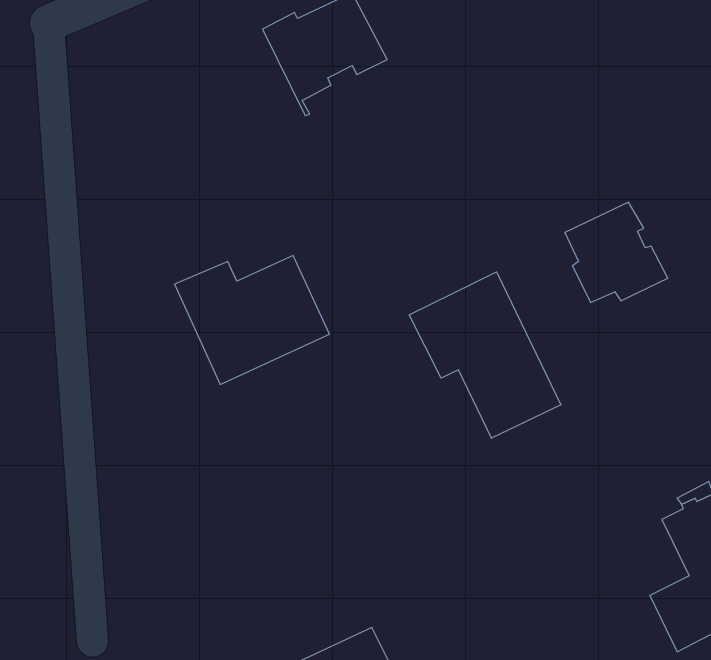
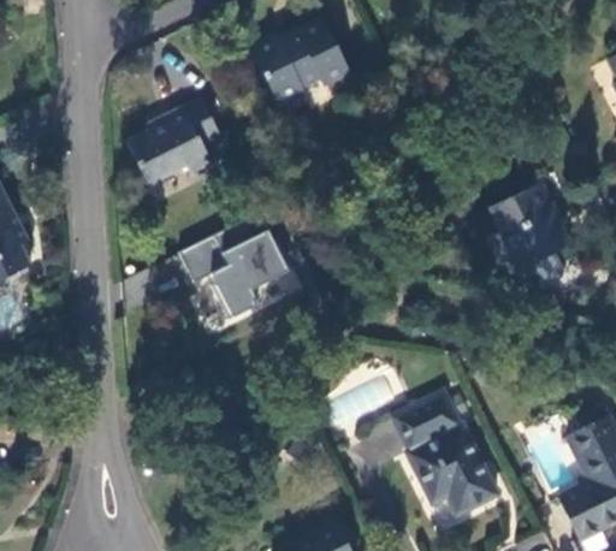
building: none -> [128,100,220,182]
building: [409,272,561,438] -> none
building: none -> [395,393,498,515]

